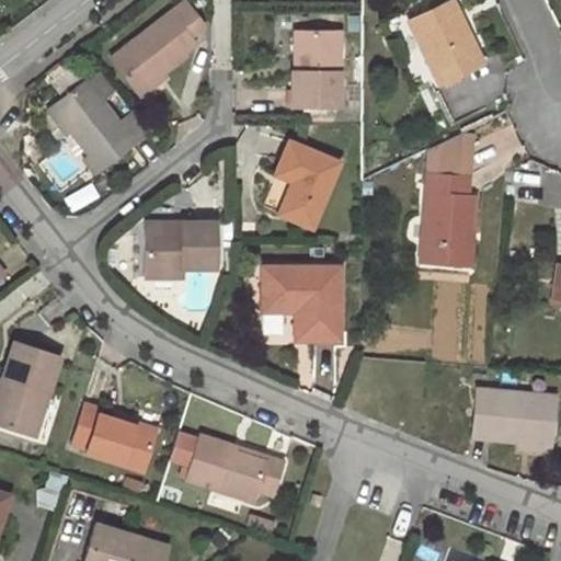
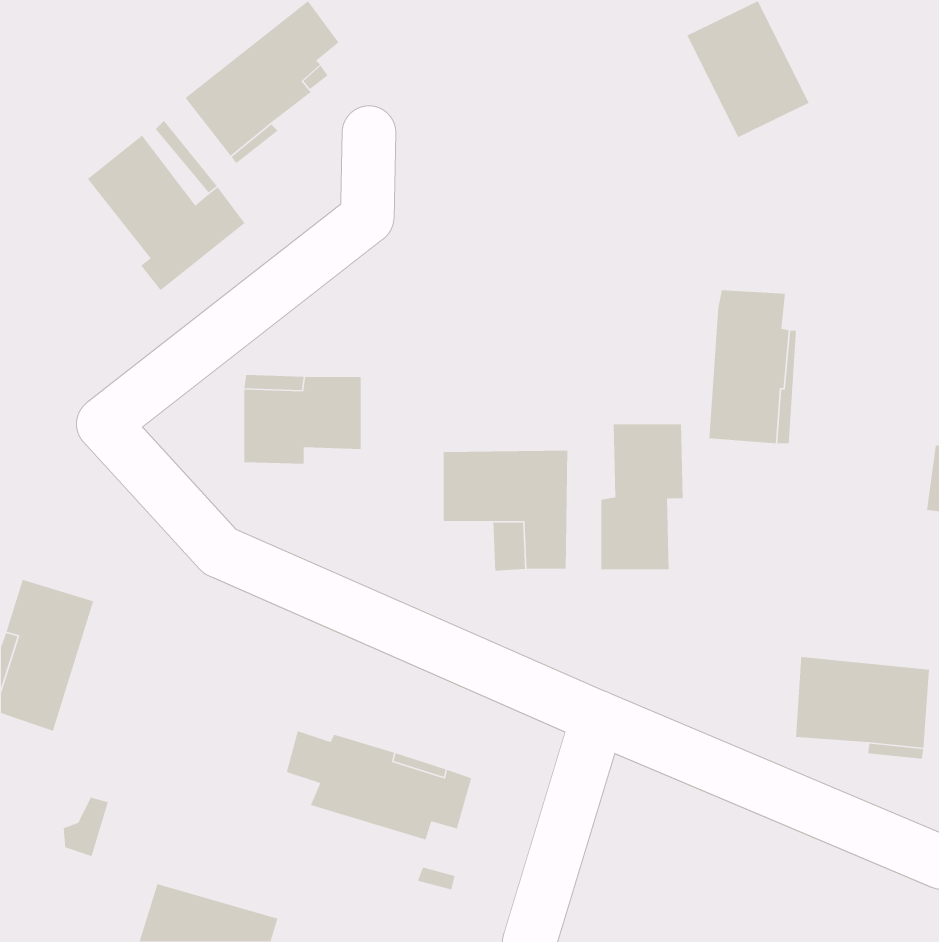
building: [295,32,340,106] -> none
building: [431,131,472,174] -> none
building: [277,142,339,227] -> none
building: none -> [601,424,683,570]
building: [75,405,156,469] -> none

